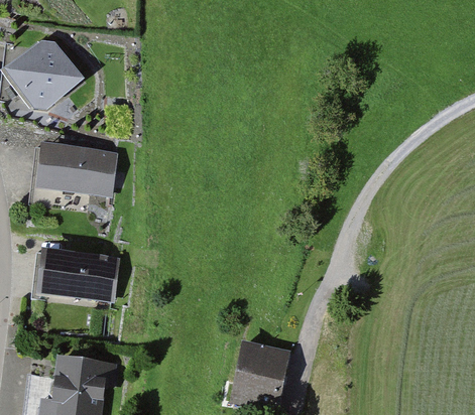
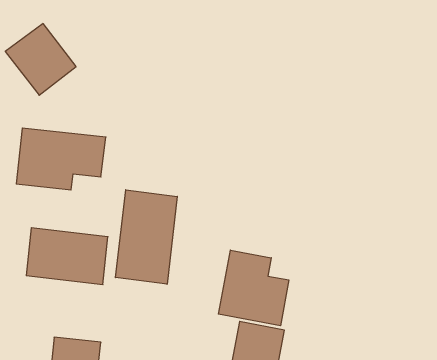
building: none -> [115,190,177,284]
building: none -> [218,250,289,326]

